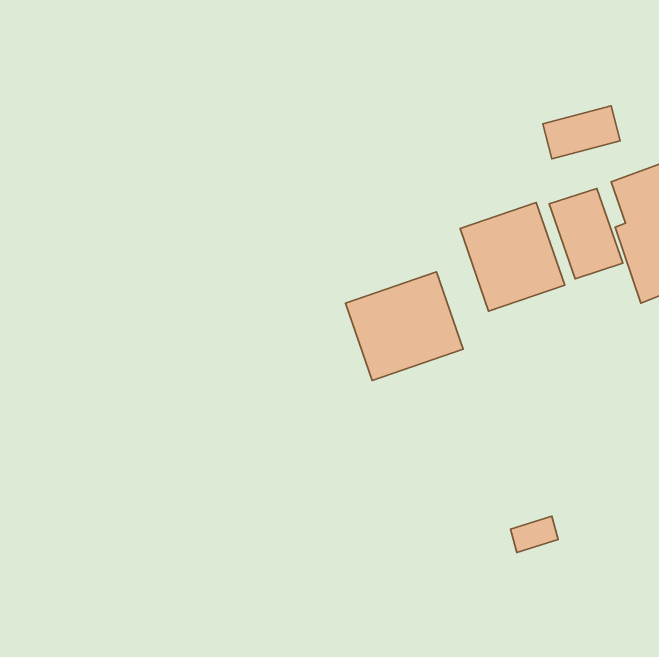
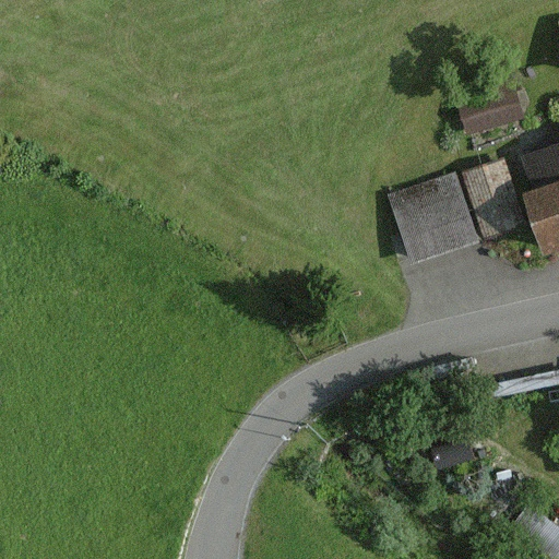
building: [345,272,463,381] -> none

